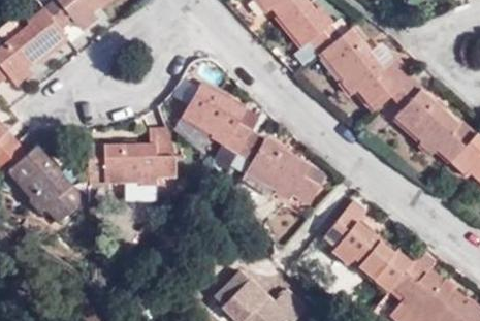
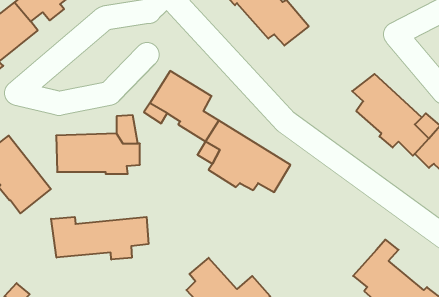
building: [320,26,412,110] -> none
building: [322,201,414,292] -> none
building: none -> [51,217,148,260]

